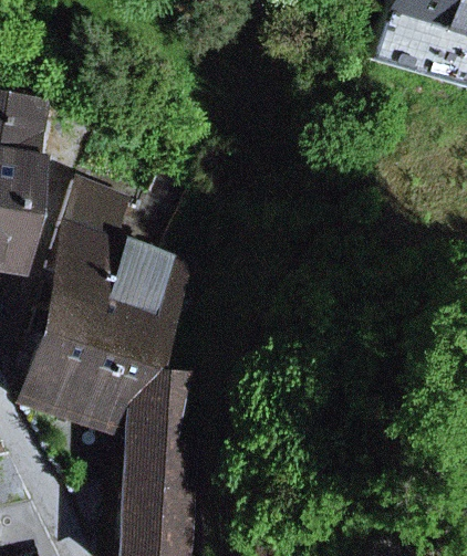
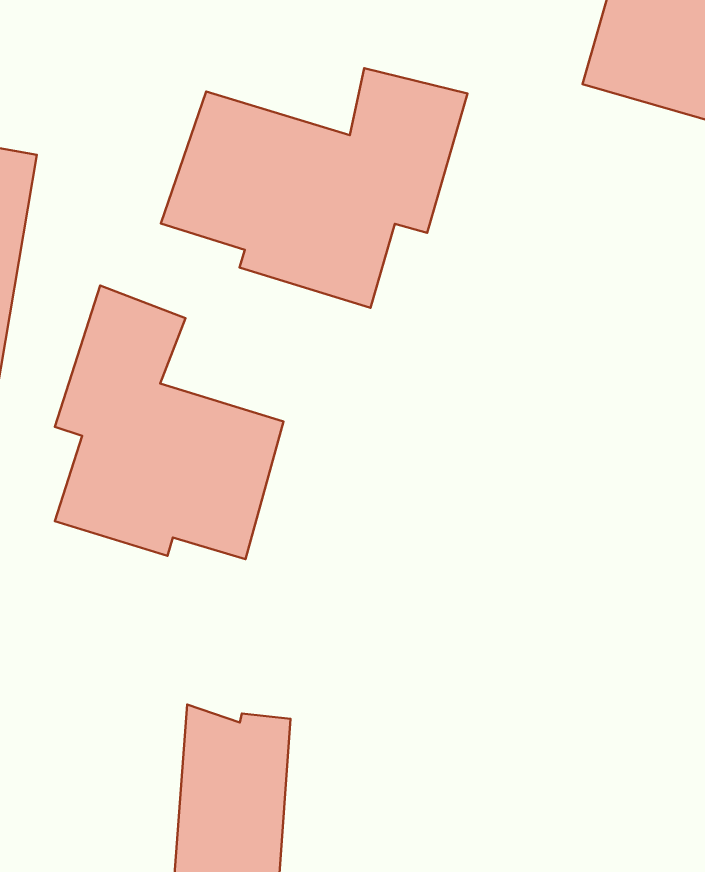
building: none -> [161,68,467,308]
building: [27,325,181,448] -> none

